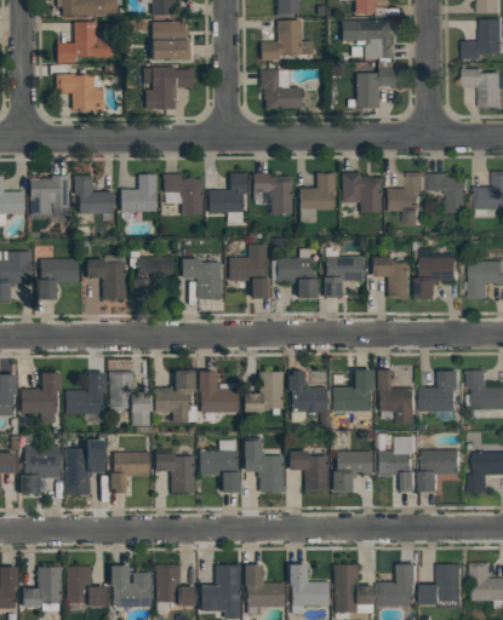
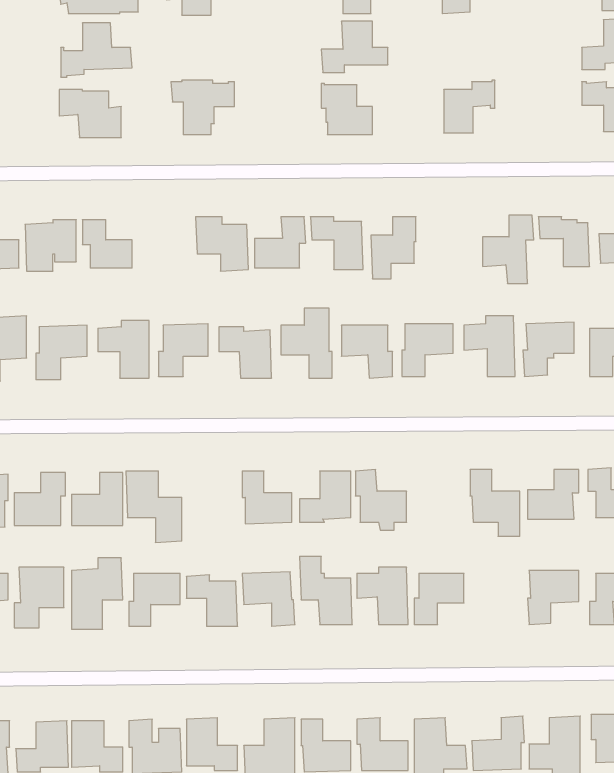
building: [342,18,396,59] -> none
building: [152,21,189,62] -> none
building: [342,172,379,213] -> none
building: [121,174,156,212] -> none
building: [154,371,194,424] -> none
building: [332,371,372,412] -> none
building: [378,436,418,492] -> none

